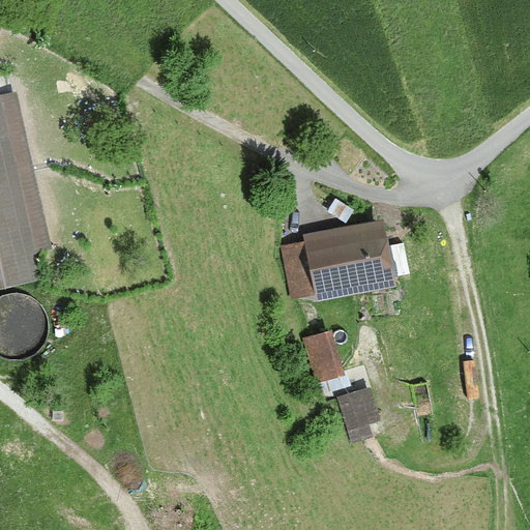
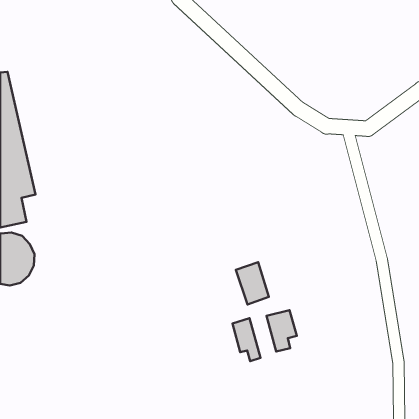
building: [281,218,393,302] -> none
building: none -> [232,318,261,361]

